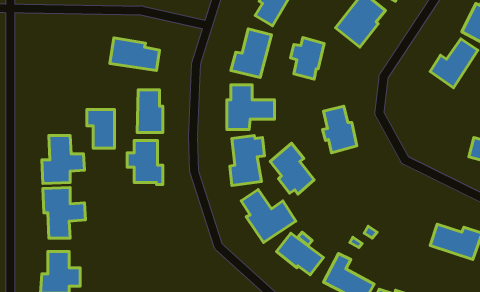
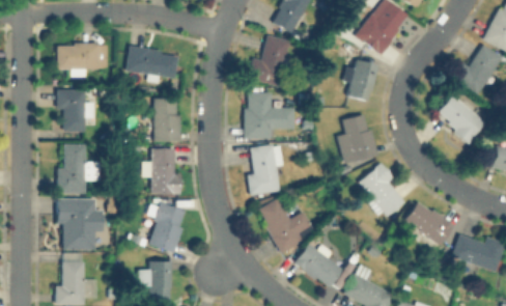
building: none -> [57,43,99,78]
building: [291,37,324,79] -> [344,59,378,102]
building: none -> [435,92,485,143]
building: [87,110,114,148] -> [57,91,85,131]
building: [270,143,314,194] -> [359,164,403,216]
building: none -> [149,202,185,253]
building: none -> [405,202,454,249]
building: none -> [148,261,171,298]

